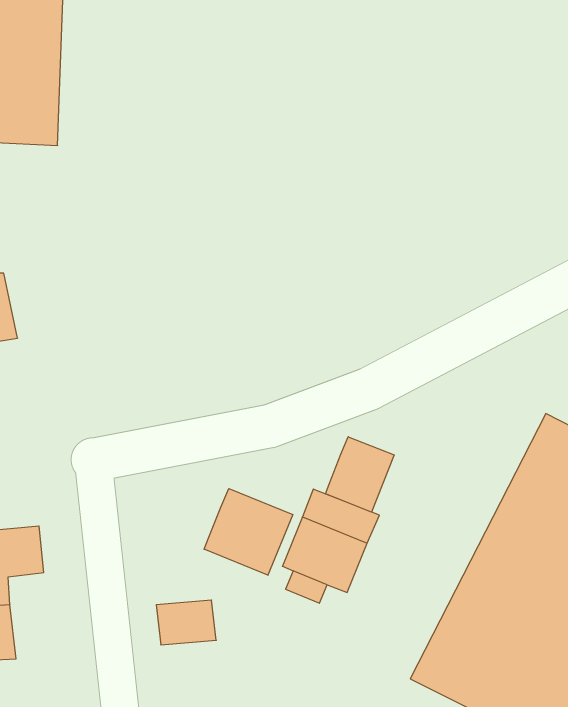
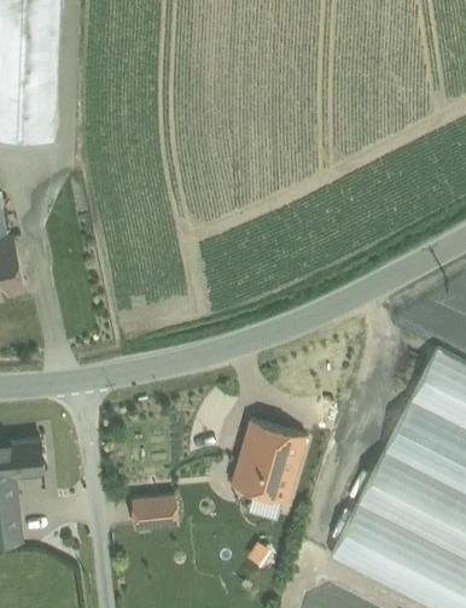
building: [325,437,394,512] -> none
building: [204,489,293,575] -> none

